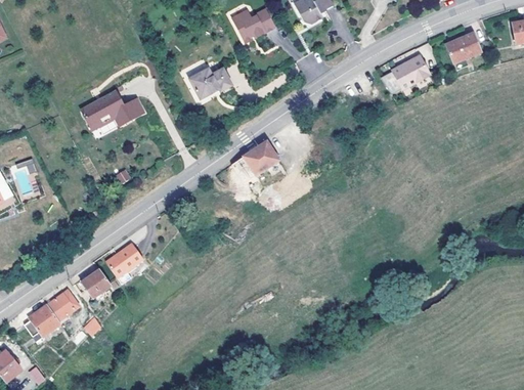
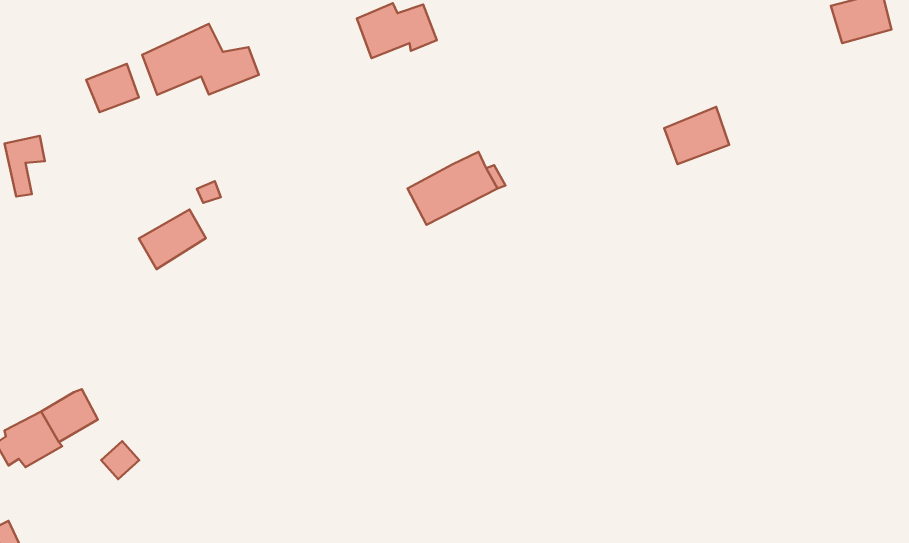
building: [393,56,429,89] -> [664,107,729,164]
building: none -> [86,64,139,112]
building: [105,244,141,277] -> [139,210,206,269]
building: [81,269,112,298] -> none

